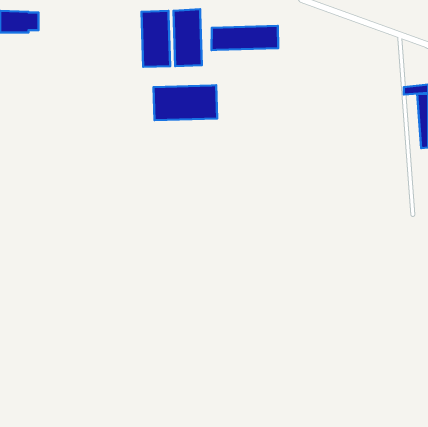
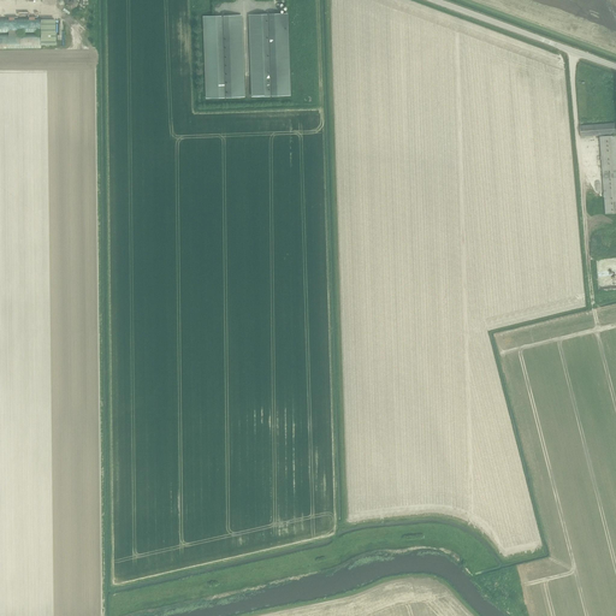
building: [211,26,278,50] -> none
building: [154,85,217,120] -> none

